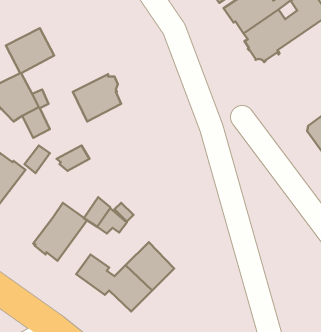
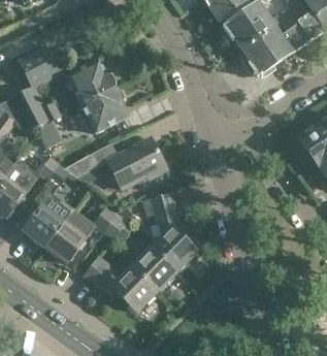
building: none -> [67,60,116,104]
building: none -> [107,138,165,188]
building: none -> [23,183,72,247]
building: none -> [143,193,197,270]

